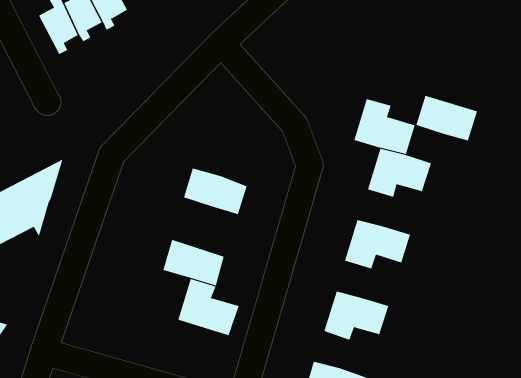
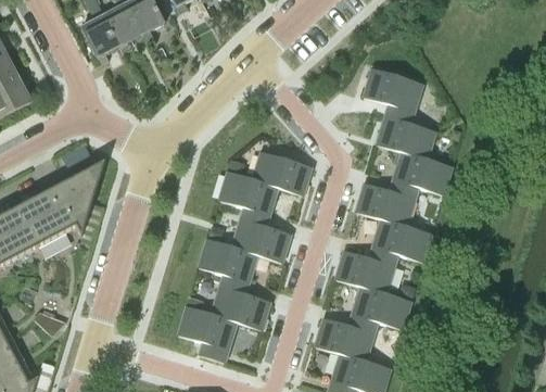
building: [416,95,478,141] -> [364,68,422,112]
building: none -> [253,151,310,195]
building: none -> [357,184,416,226]
building: none -> [232,207,290,262]
building: none -> [337,251,395,293]
building: none -> [178,306,236,362]
building: none -> [315,317,374,359]

